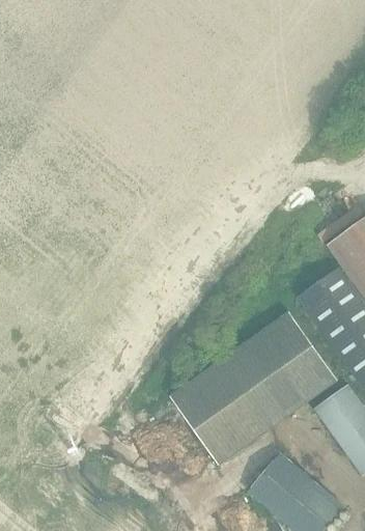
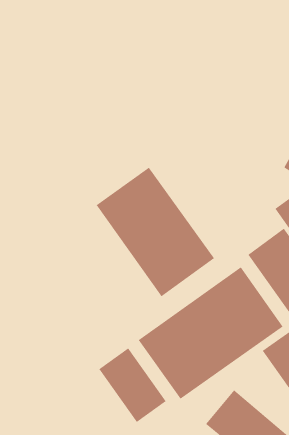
building: none -> [96,167,215,297]
building: none -> [98,347,167,423]

